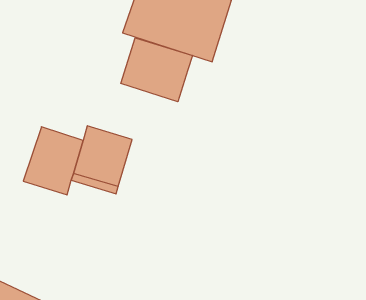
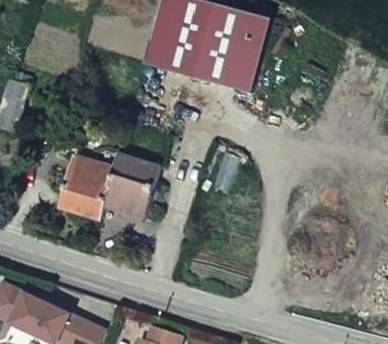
building: [121,38,193,102] -> none

